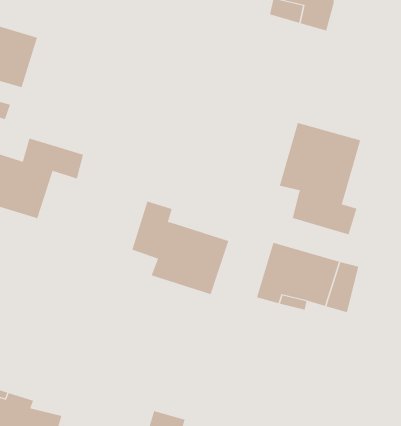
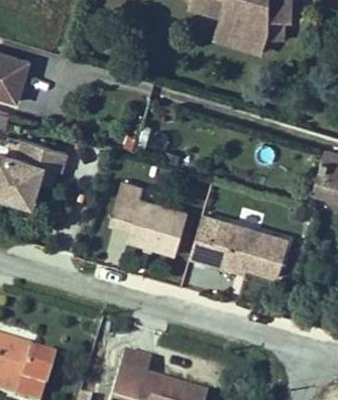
building: [279,122,361,235] -> none

